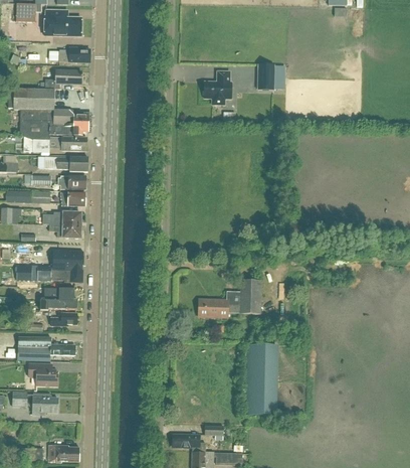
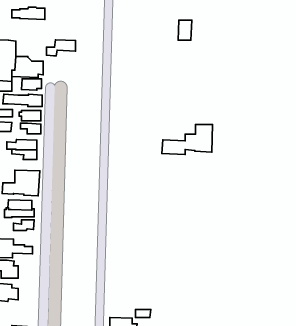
building: [45,69,81,90] -> [47,40,75,56]
building: [204,70,231,104] -> none
building: [198,280,261,317] -> [162,125,212,154]
building: [245,343,273,414] -> none

